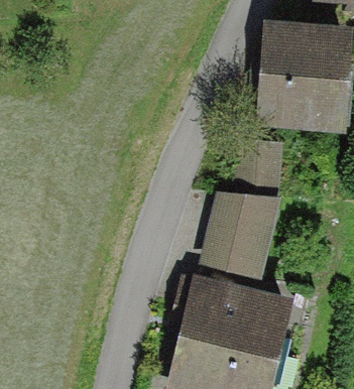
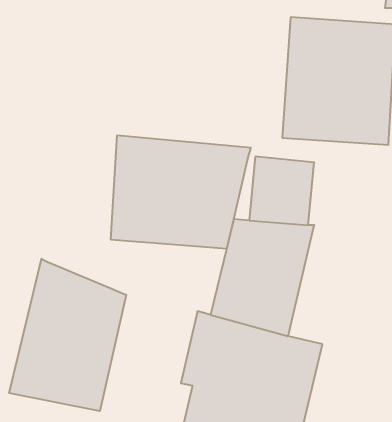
building: none -> [111,135,251,249]
building: none -> [9,259,126,411]

